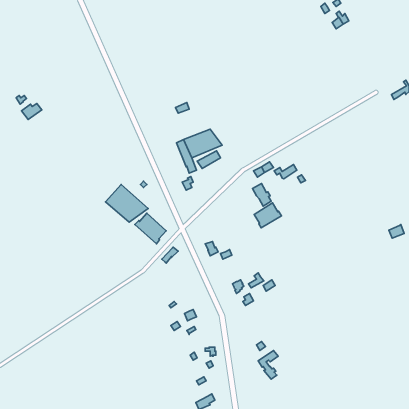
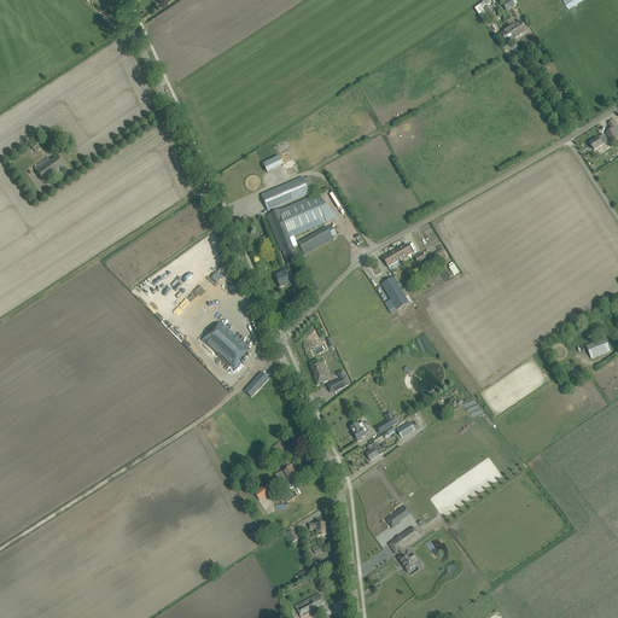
building: none -> [261,176,309,211]
building: [105,185,148,222] -> none
building: [254,203,282,228] -> none

